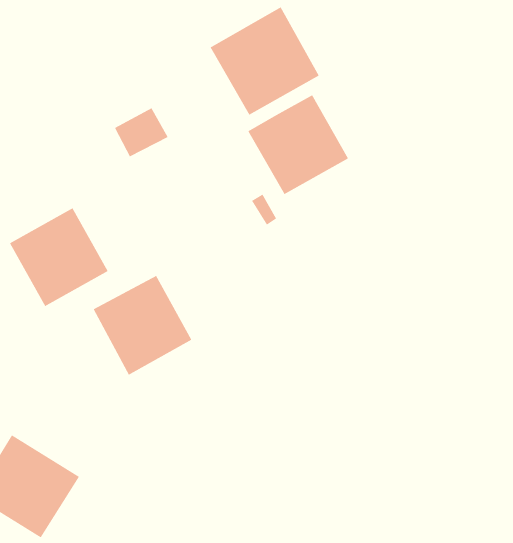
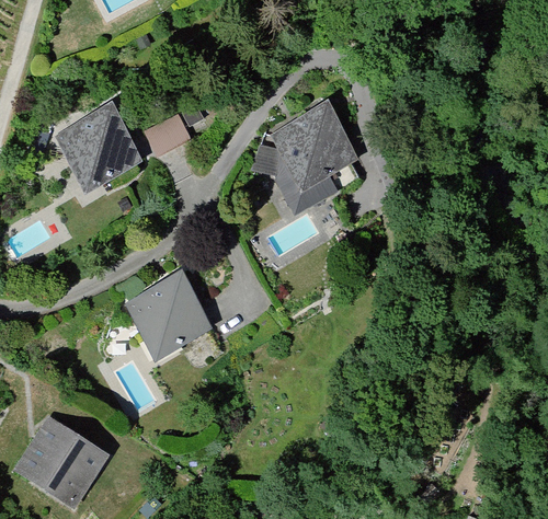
building: [210,6,319,116] -> none
building: [9,208,108,307] -> [50,101,142,193]

